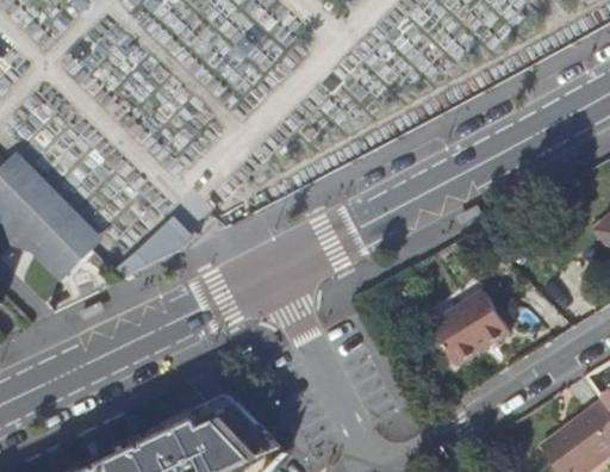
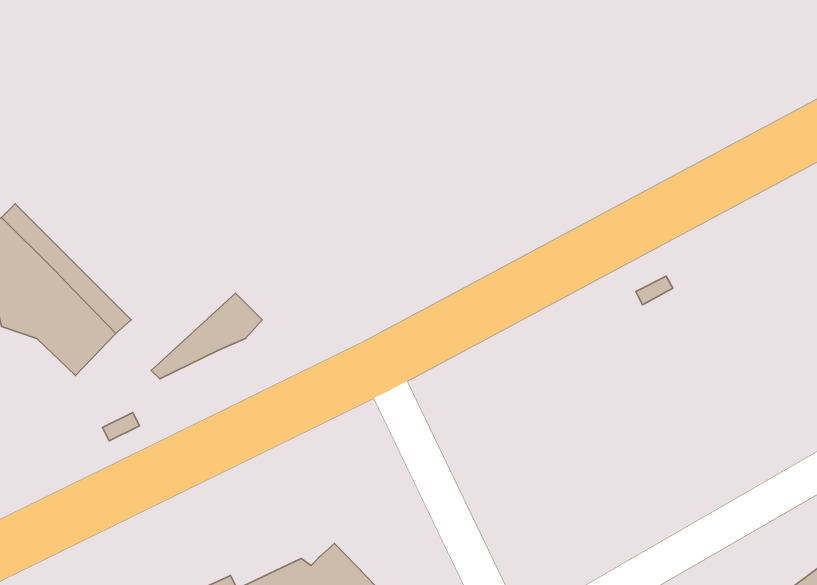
building: [431,285,511,361] -> none

